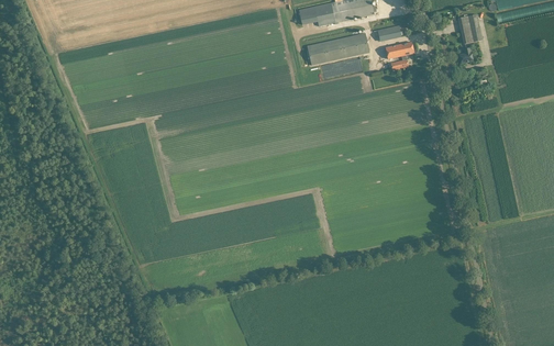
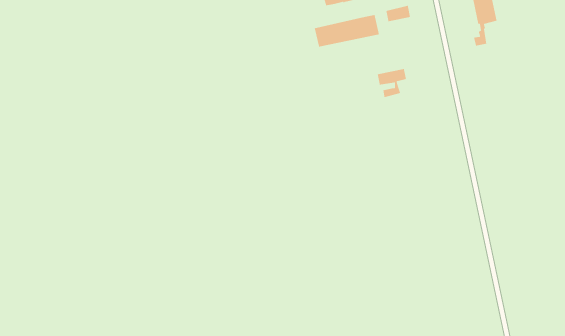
building: [385,42,413,70] -> [377,68,407,98]

